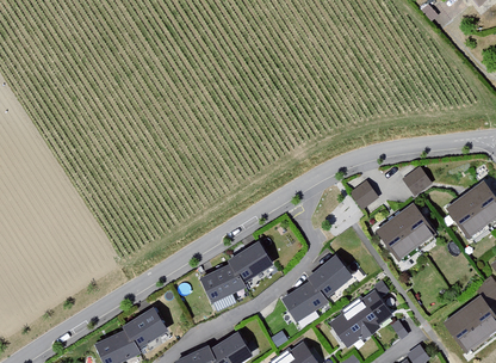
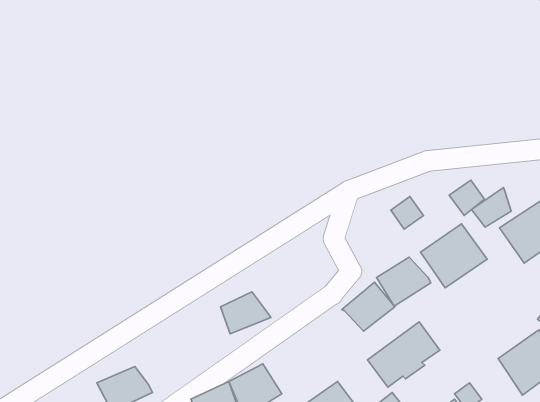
building: none -> [472,188,511,227]
building: [229,240,274,283] -> none
building: [281,281,329,324] -> [377,257,431,306]
building: [123,306,168,345] -> none

